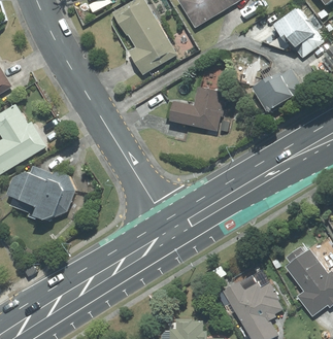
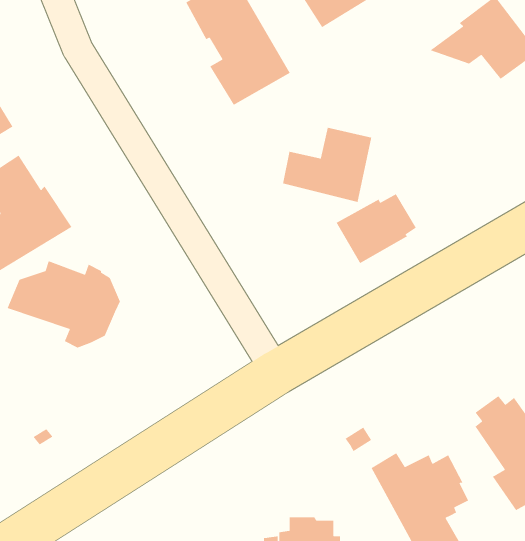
building: [253,70,301,112] -> [336,193,417,264]

